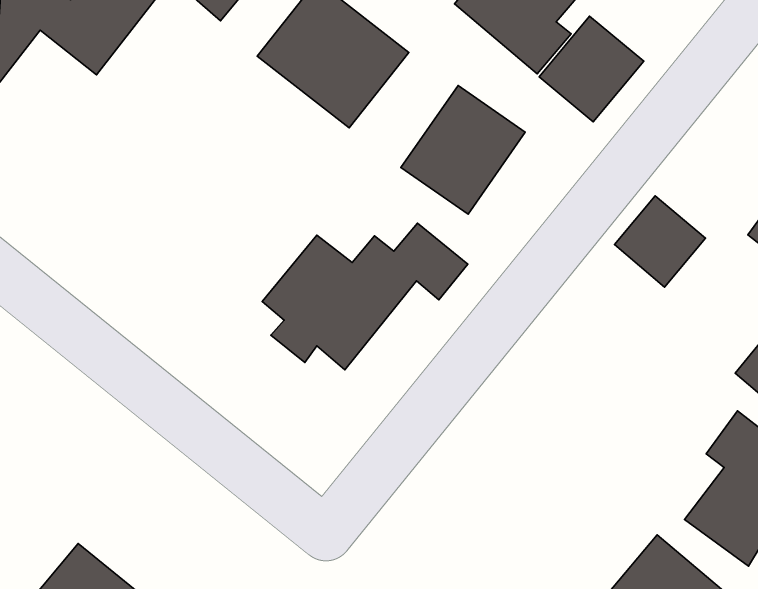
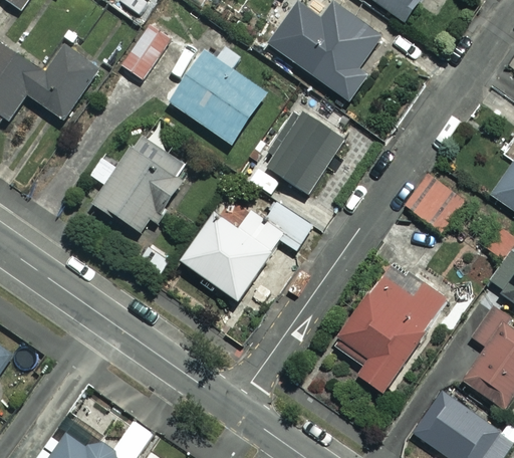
building: [539,16,644,122] -> none
building: none -> [94,129,190,232]
building: none -> [333,261,445,392]

